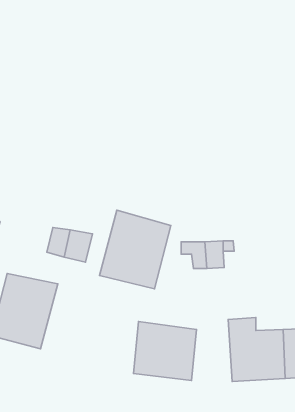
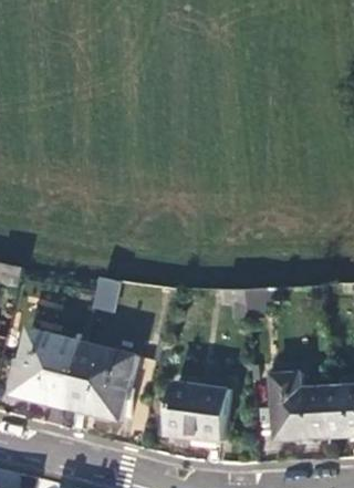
building: [99,210,171,289] -> [64,338,142,423]

